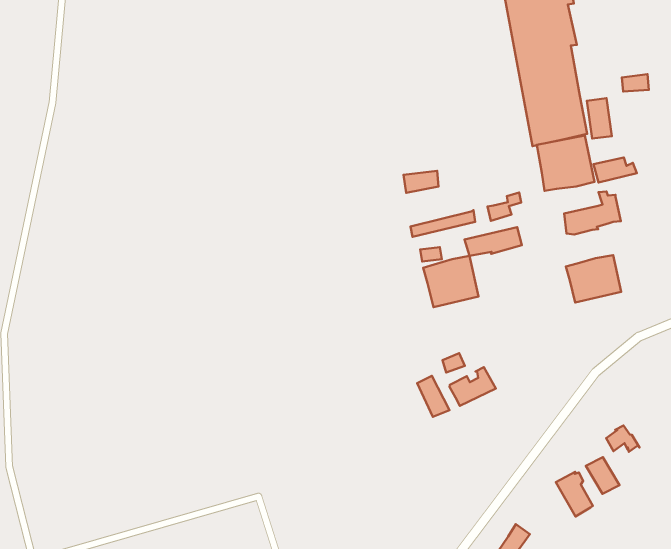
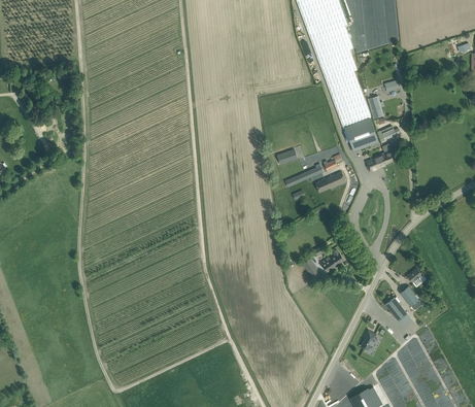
building: [566,255,621,302] -> none
building: [423,256,479,307] -> none

